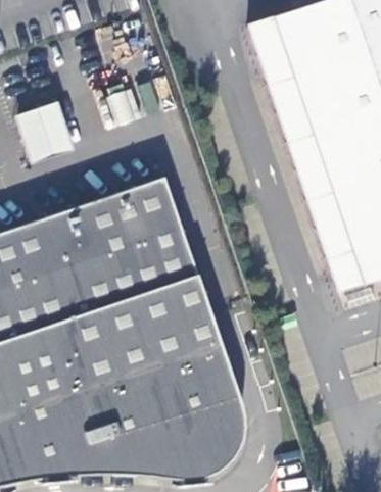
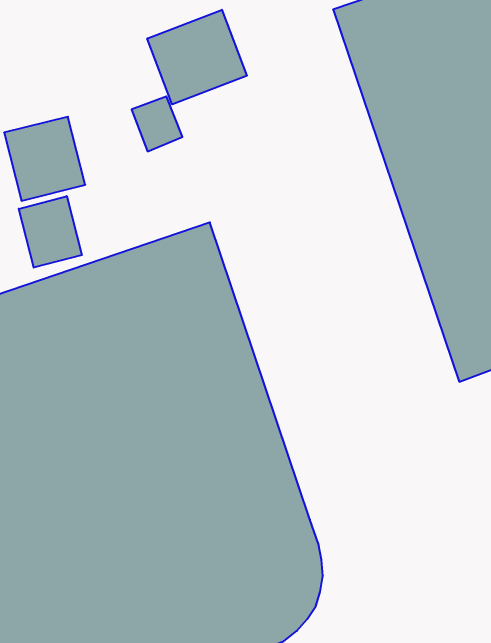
building: none -> [147,10,247,104]
building: none -> [19,196,82,268]

